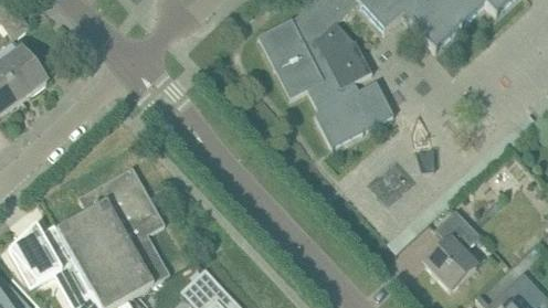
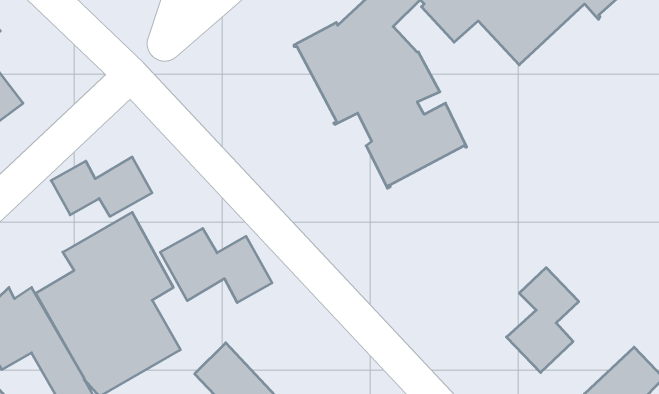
building: none -> [51,157,152,216]
building: none -> [160,228,272,303]

